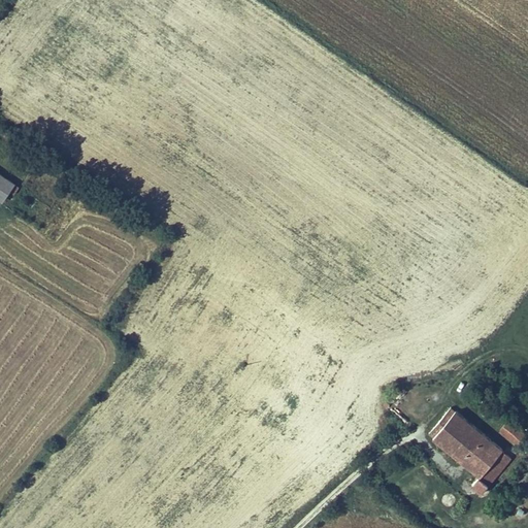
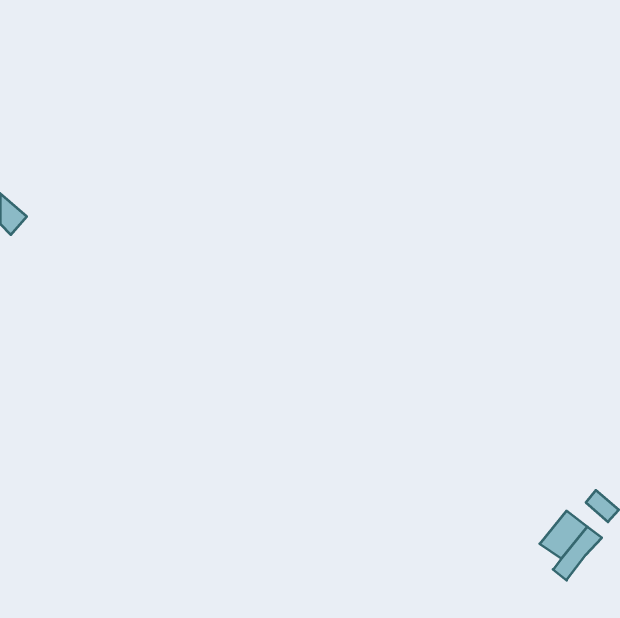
building: [428,412,482,464] -> none

